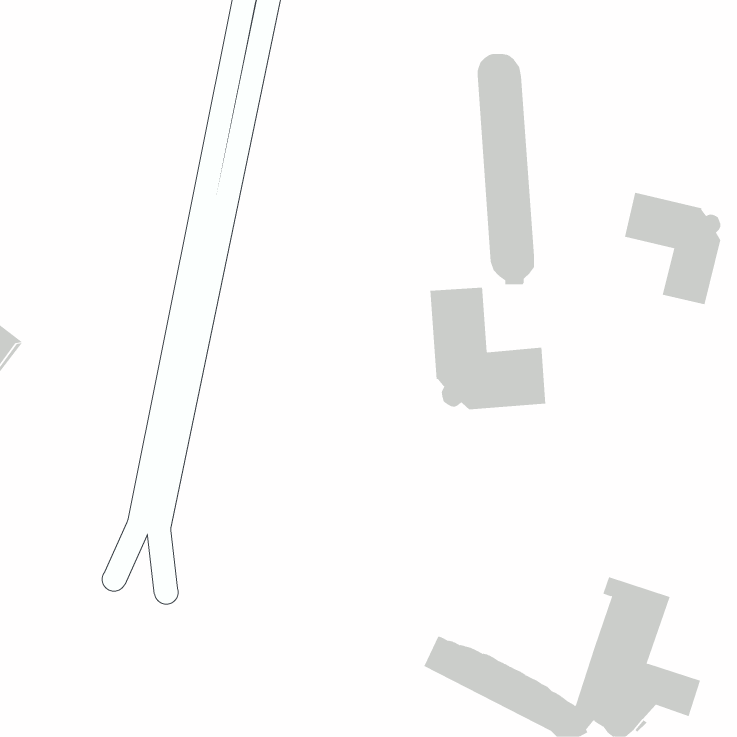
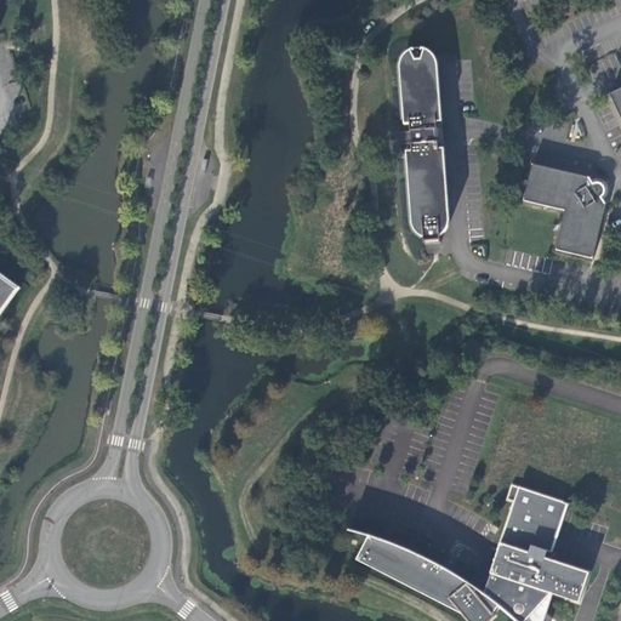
building: [430,287,546,410] -> none

